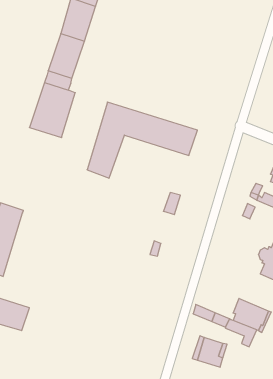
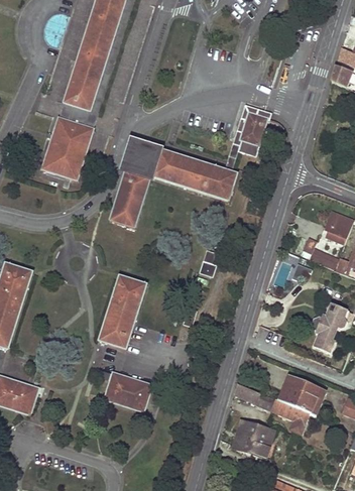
building: none -> [238,106,271,148]
building: none -> [97,274,146,349]
building: none -> [102,370,151,410]

